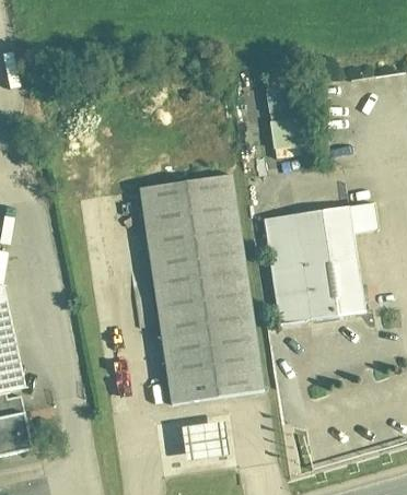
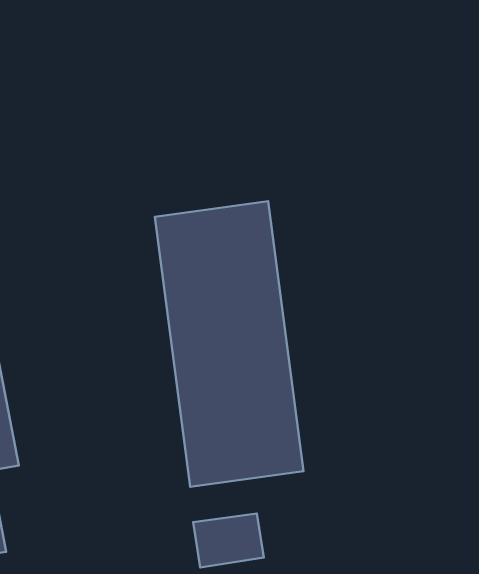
building: [270,207,380,320] -> none

